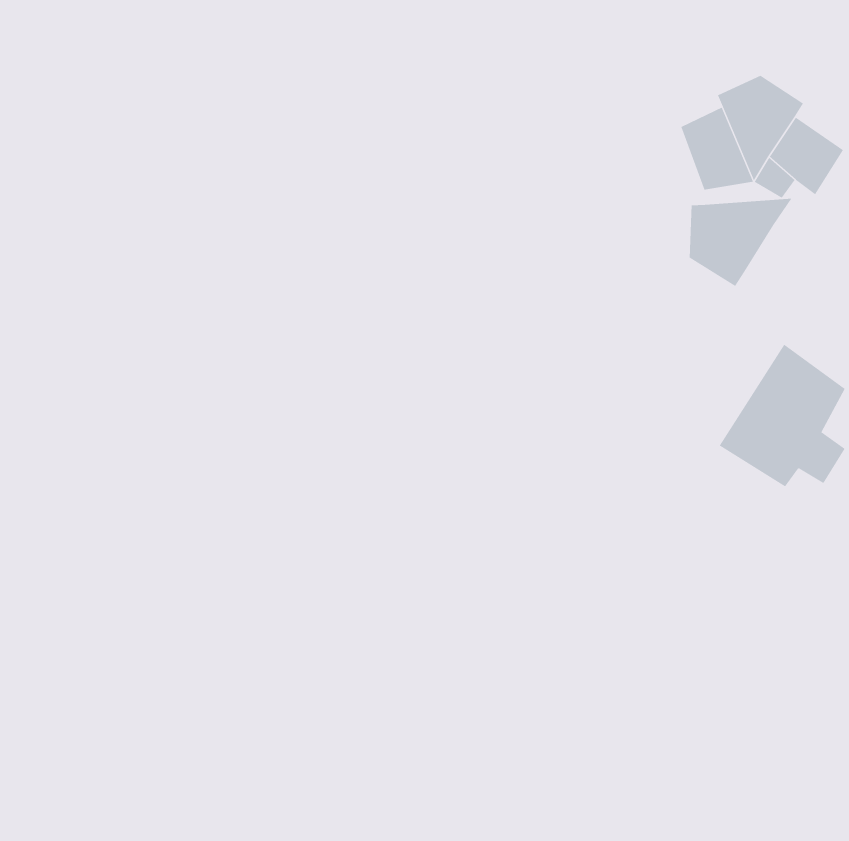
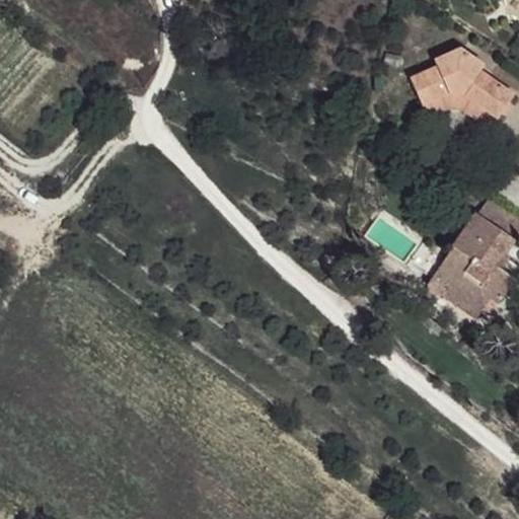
building: [689,198,792,287] -> none
building: none -> [427,271,484,318]

